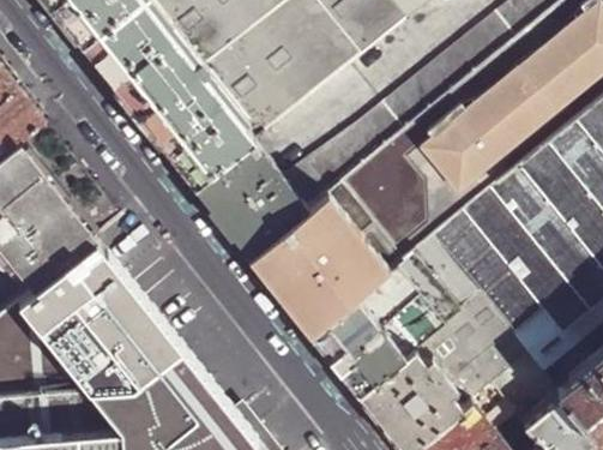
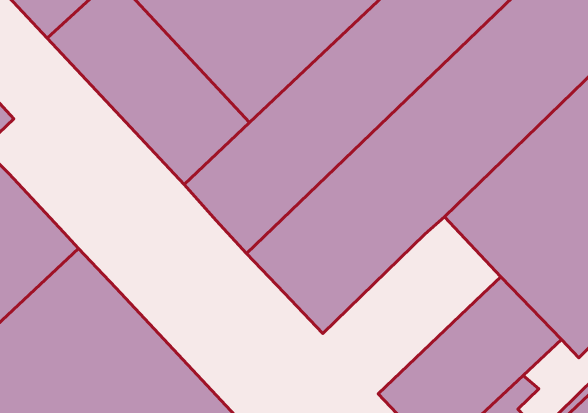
building: [312,252,459,394] -> none

